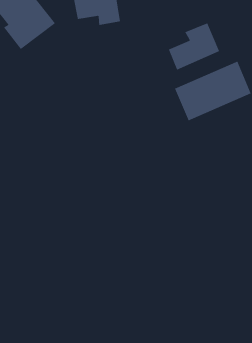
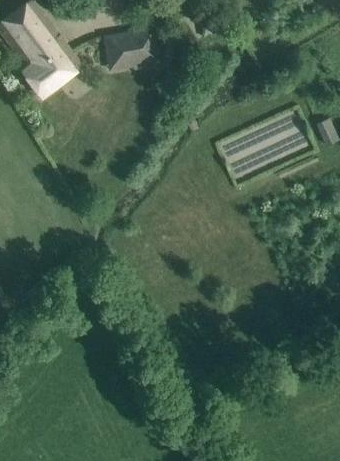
building: [168,23,220,71] -> none

